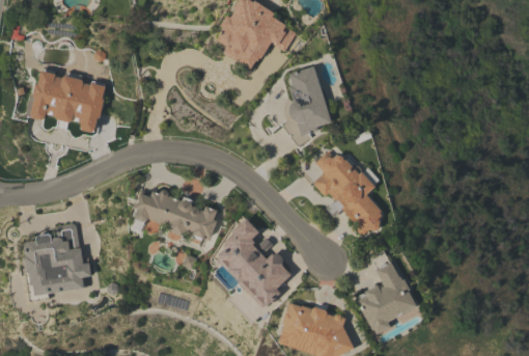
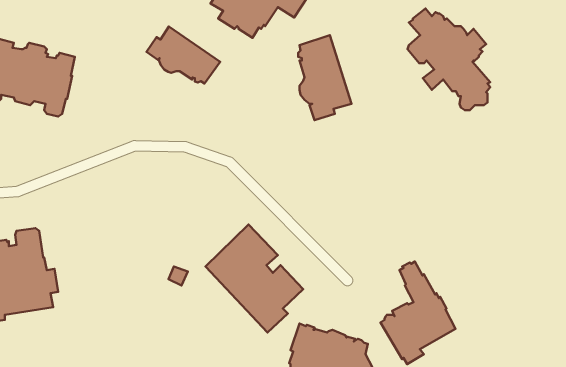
building: none -> [147,27,220,84]
building: [313,150,381,234] -> [408,8,490,110]
building: [130,189,217,240] -> none

